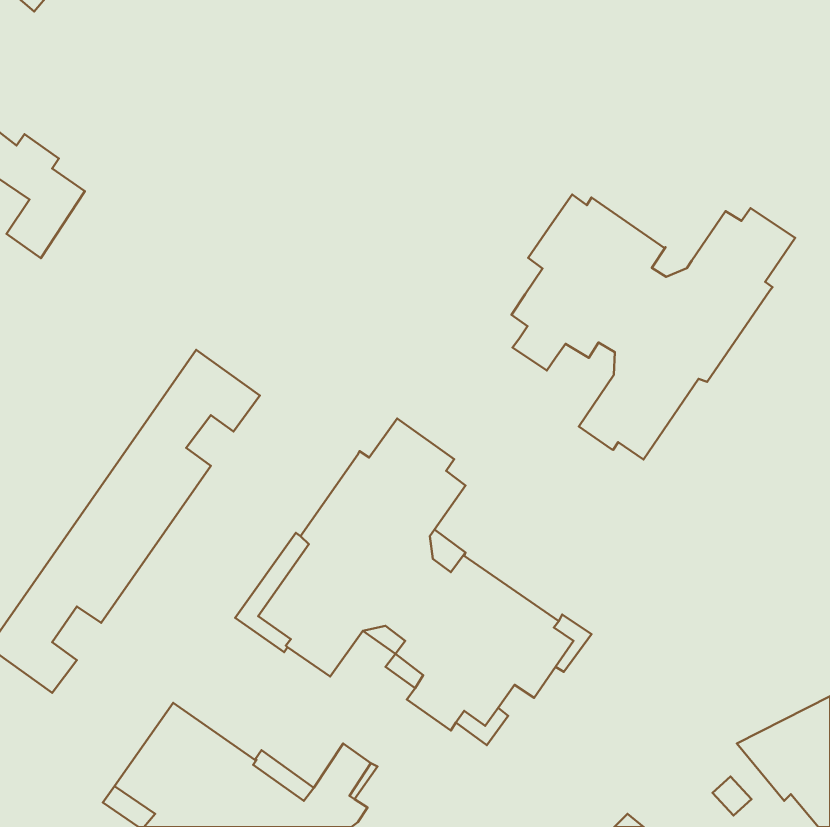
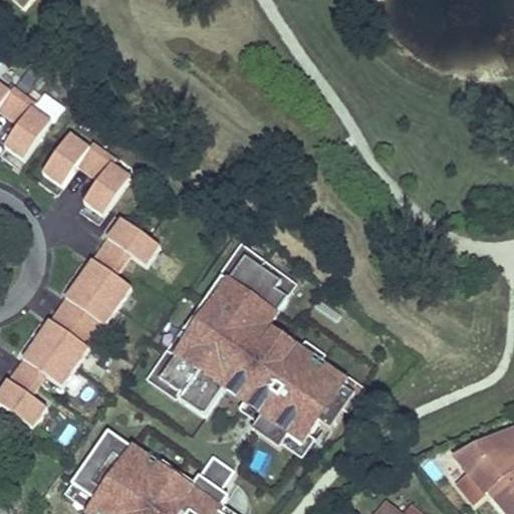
building: [511,194,795,459] -> none
building: none -> [42,131,132,213]
building: none -> [217,245,295,298]

